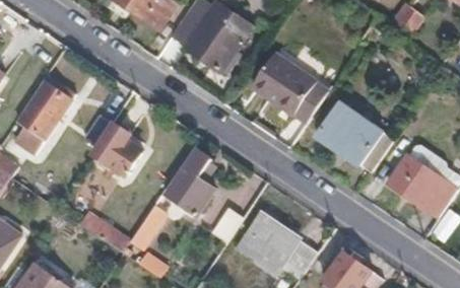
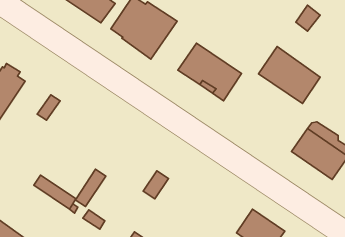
building: [318,103,392,171] -> [258,47,320,103]
building: [94,124,144,176] -> none
building: [168,149,213,212] -> none
building: [238,212,317,277] -> none

